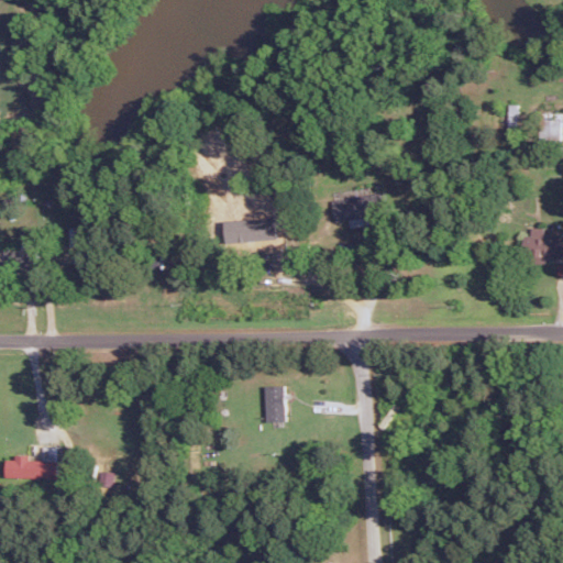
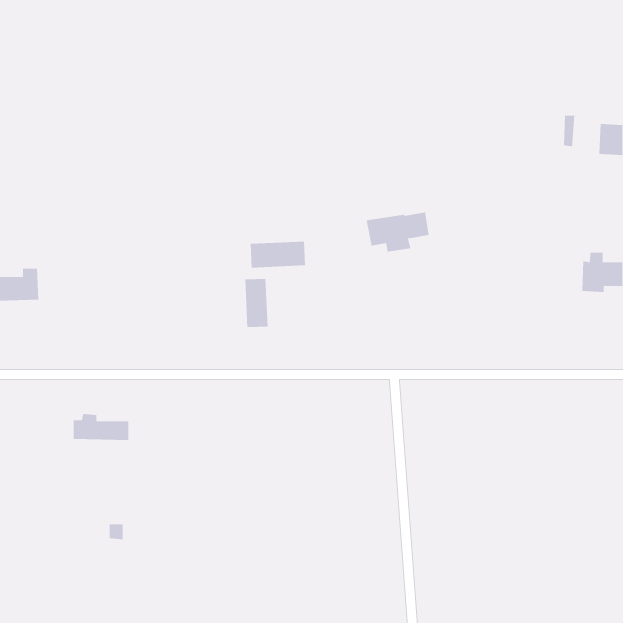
building: none -> [245,278,268,328]
building: [266,386,286,422] -> none
building: [4,455,55,479] -> [73,414,129,441]

